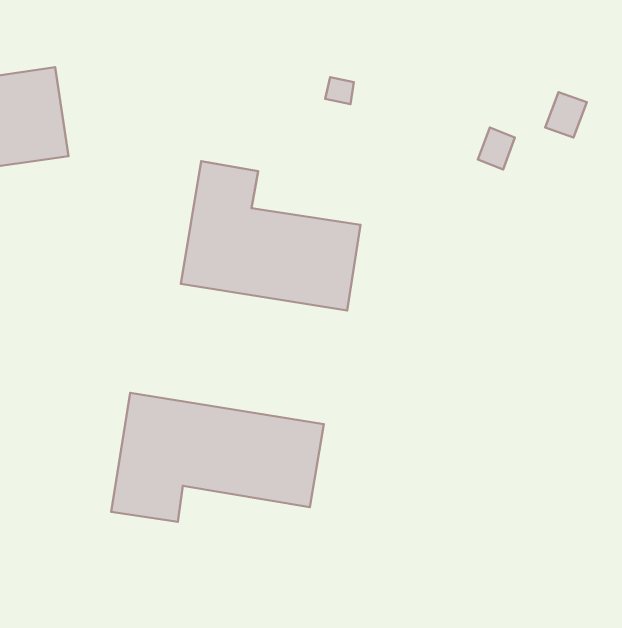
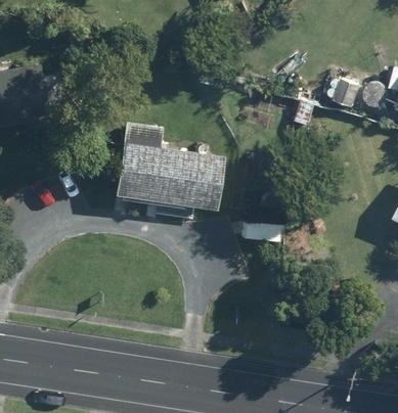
building: [111,393,324,522] -> none

